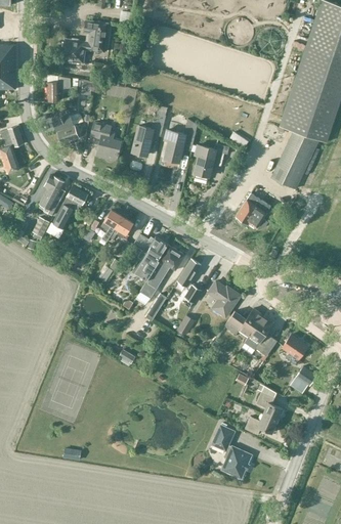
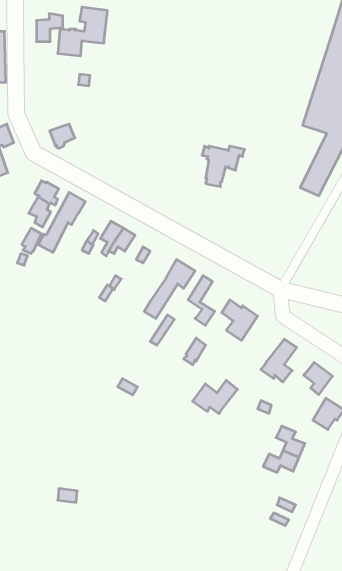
building: [46,76,70,100] -> [36,14,63,41]
building: [51,110,82,131] -> none
building: [132,114,165,156] -> none
building: [164,120,198,163] -> none
building: [89,124,119,161] -> none
building: [236,196,270,230] -> none
building: [133,236,166,280] -> none
building: [223,307,263,337] -> [193,380,238,414]
building: [212,425,250,477] -> none

